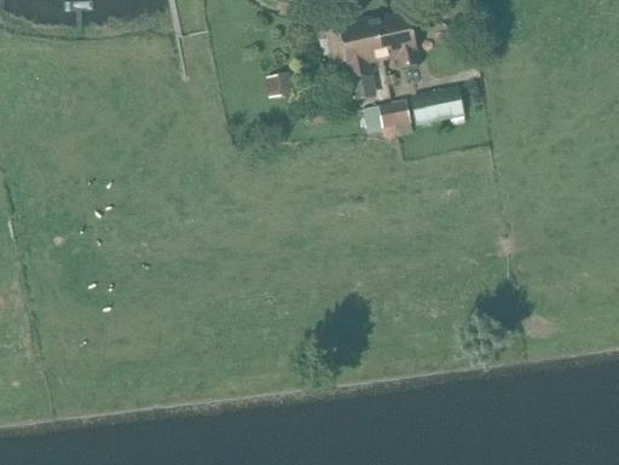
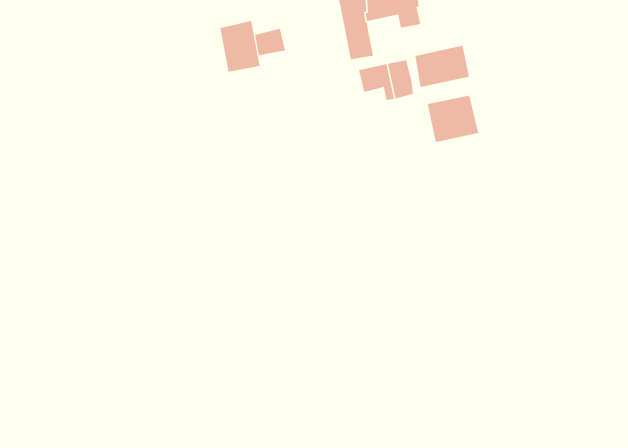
building: none -> [220,20,260,73]
building: none -> [427,95,479,143]

